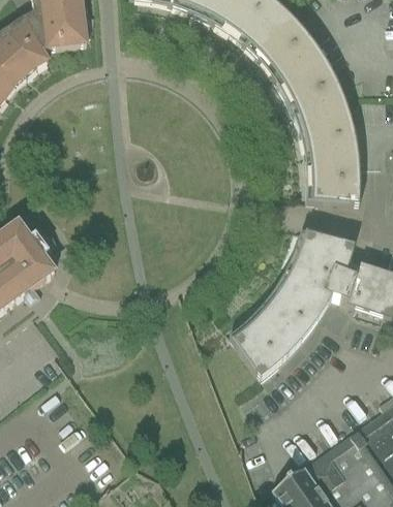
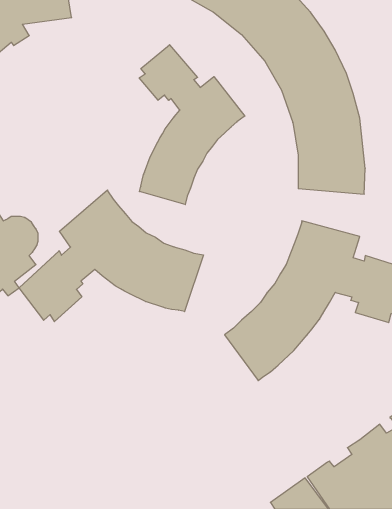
building: none -> [139,45,245,205]
building: none -> [19,190,203,322]

